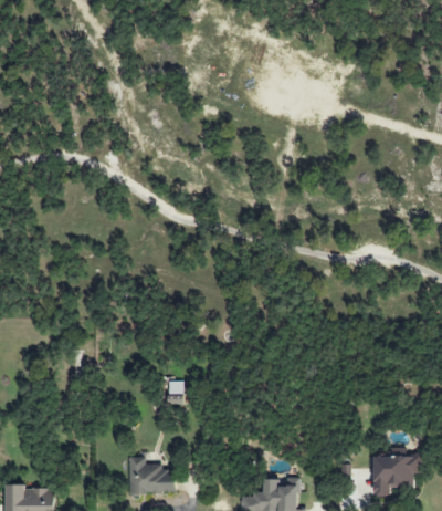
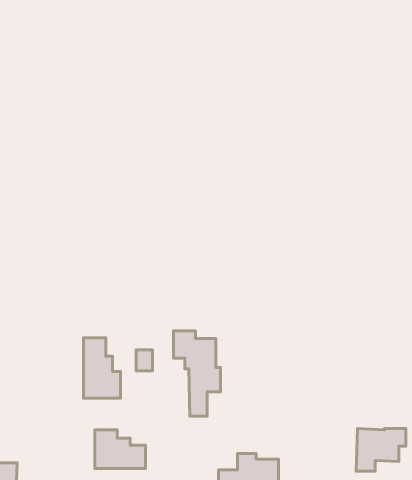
building: none -> [173,331,221,416]
building: none -> [83,338,120,398]

